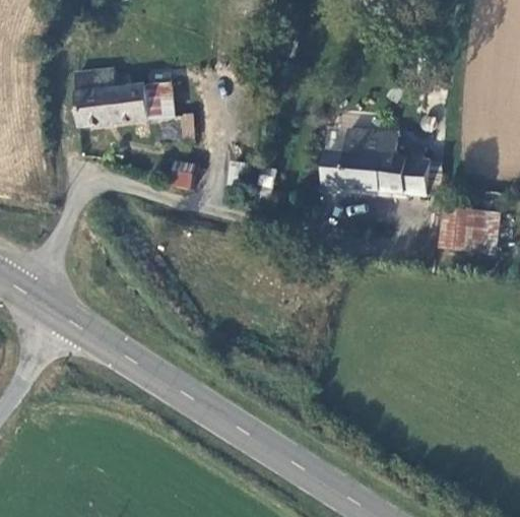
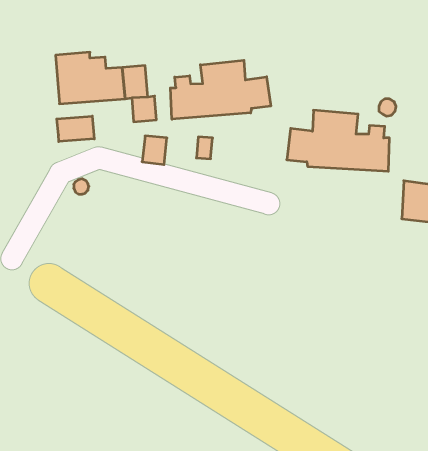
building: none -> [170,60,271,119]
building: none -> [57,116,94,142]

